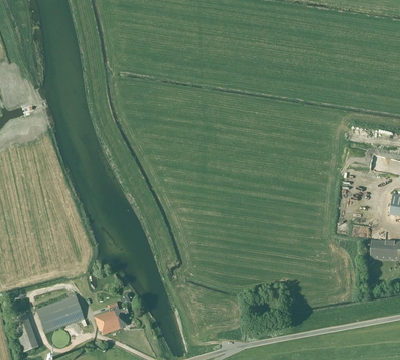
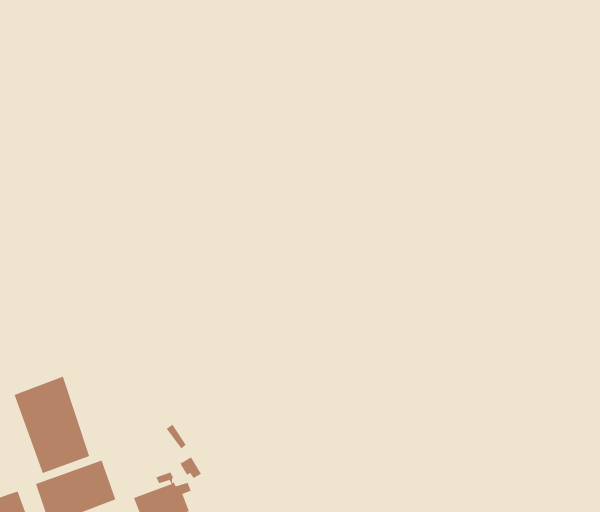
building: none -> [14,376,90,474]

